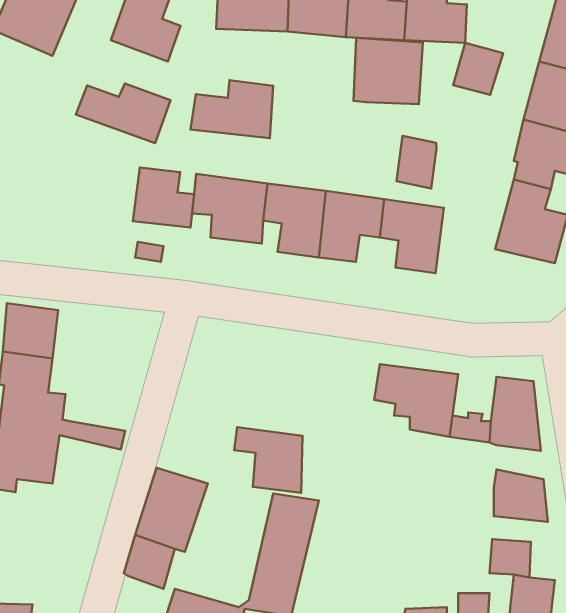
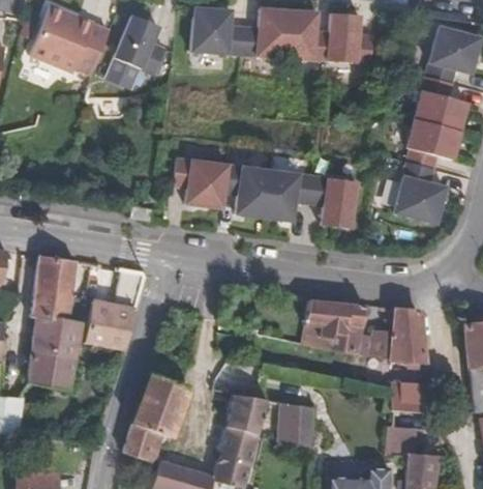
building: [353,38,423,104] -> none
building: [453,43,503,95] -> none
building: [191,80,273,138] -> none
building: [76,84,171,143] -> none
building: [397,136,436,188] -> none
building: [133,168,194,227] -> none
building: none -> [85,265,147,347]
building: [234,427,303,493] -> [270,399,320,447]

